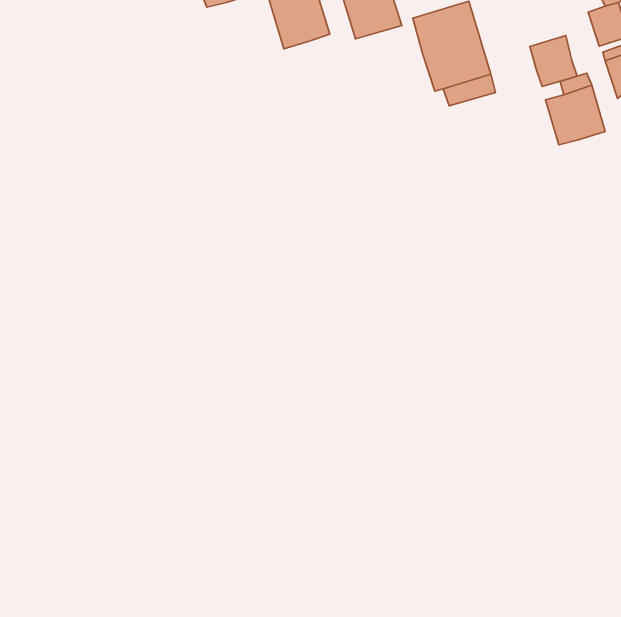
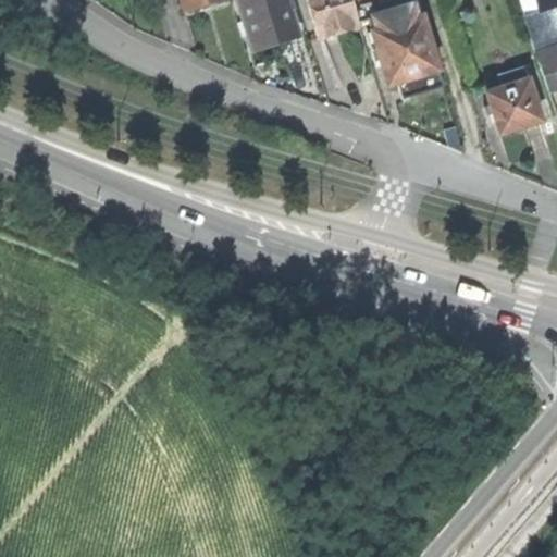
building: [530,36,577,87] -> none

